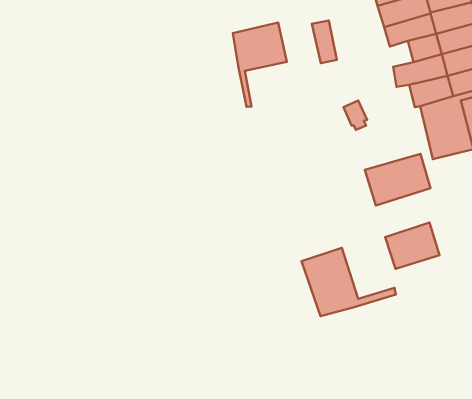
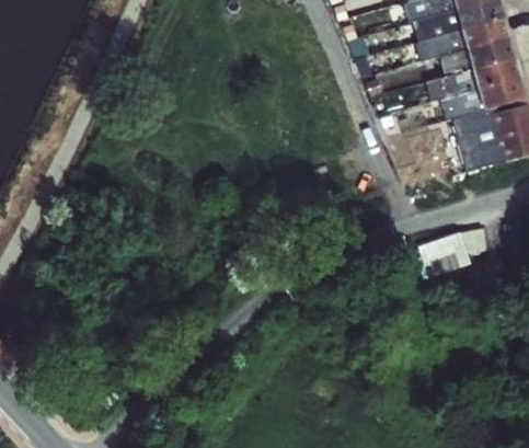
building: [233,22,287,107] -> none
building: [365,154,431,205] -> none
building: [302,248,396,316] -> none

